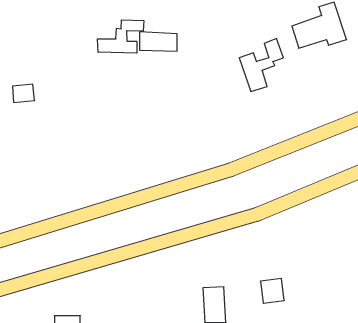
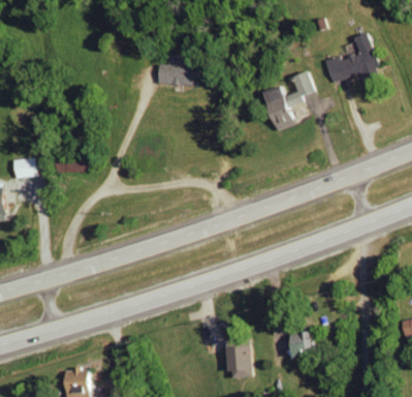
building: [97,20,144,53] -> none
building: [13,84,35,102] -> [12,159,36,179]

